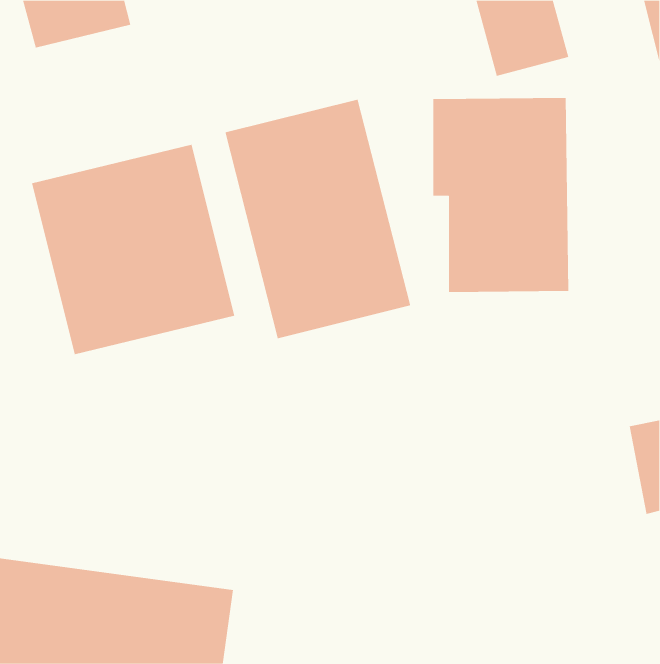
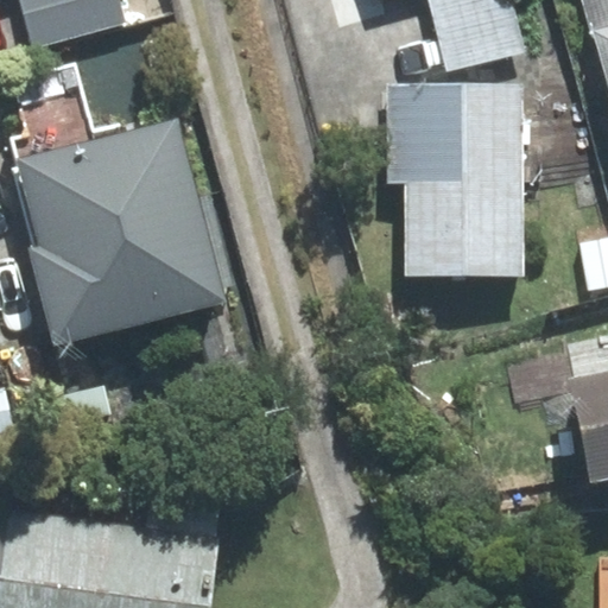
building: [225,99,411,339] -> none

